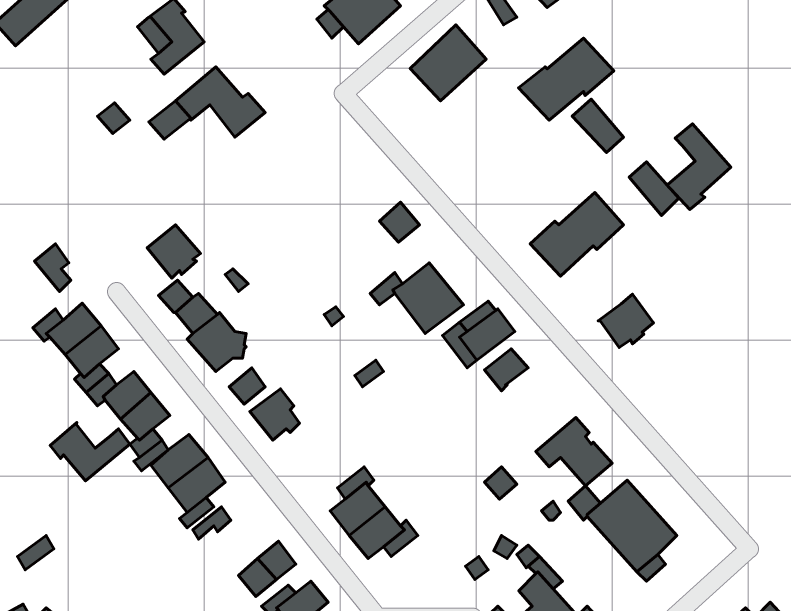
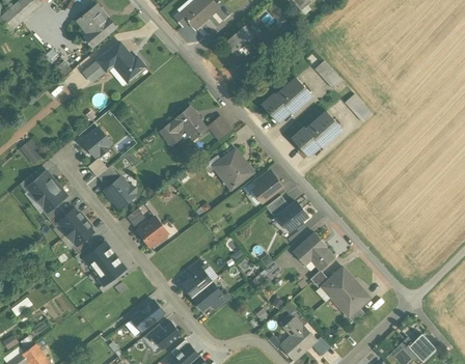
building: [519,38,614,120] -> [259,78,311,122]
building: [666,124,731,210] -> none
building: none -> [159,106,206,145]
building: [598,294,653,348] -> [276,201,306,230]
building: [50,422,130,481] -> none

